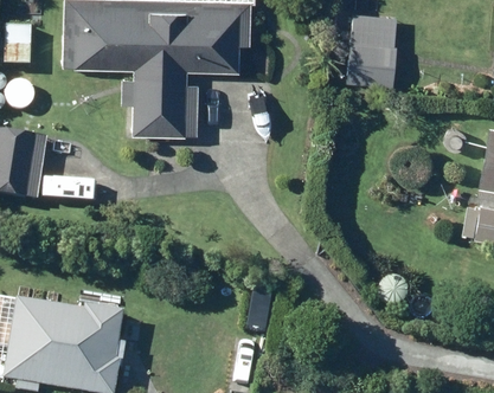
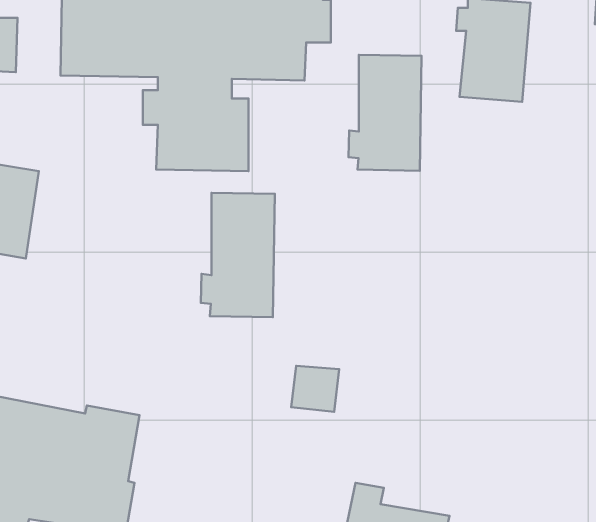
building: none -> [349,55,421,171]
building: none -> [201,193,275,317]

